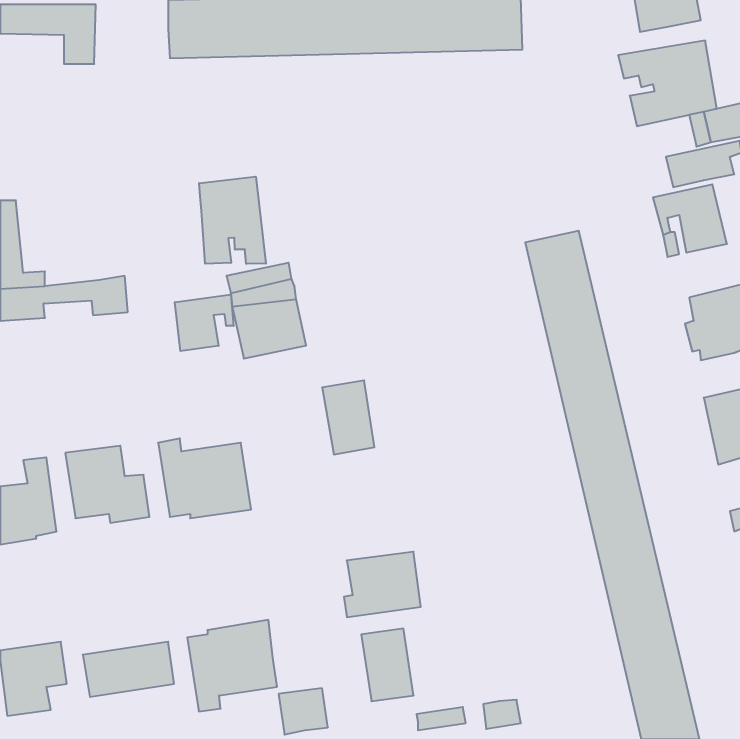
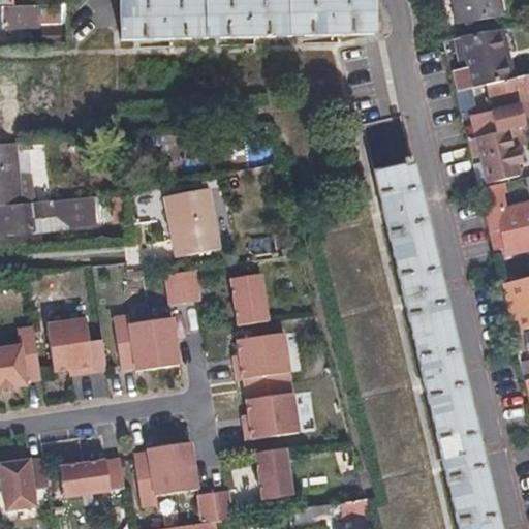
building: [199,177,266,264] -> none
building: [175,295,234,351] -> none
building: none -> [166,267,201,303]
building: none -> [235,331,290,378]

